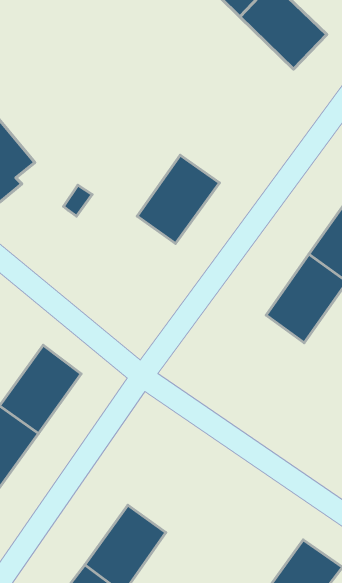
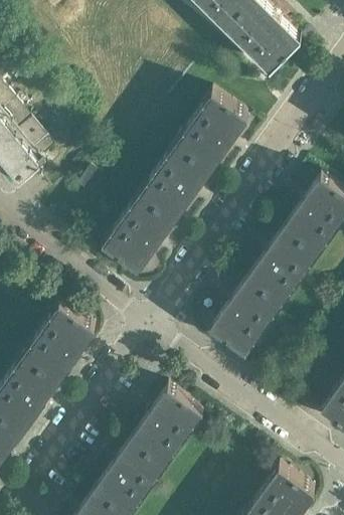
building: none -> [176,97,245,170]
building: none -> [104,198,172,273]
building: none -> [211,282,281,356]
building: none -> [132,390,201,465]

